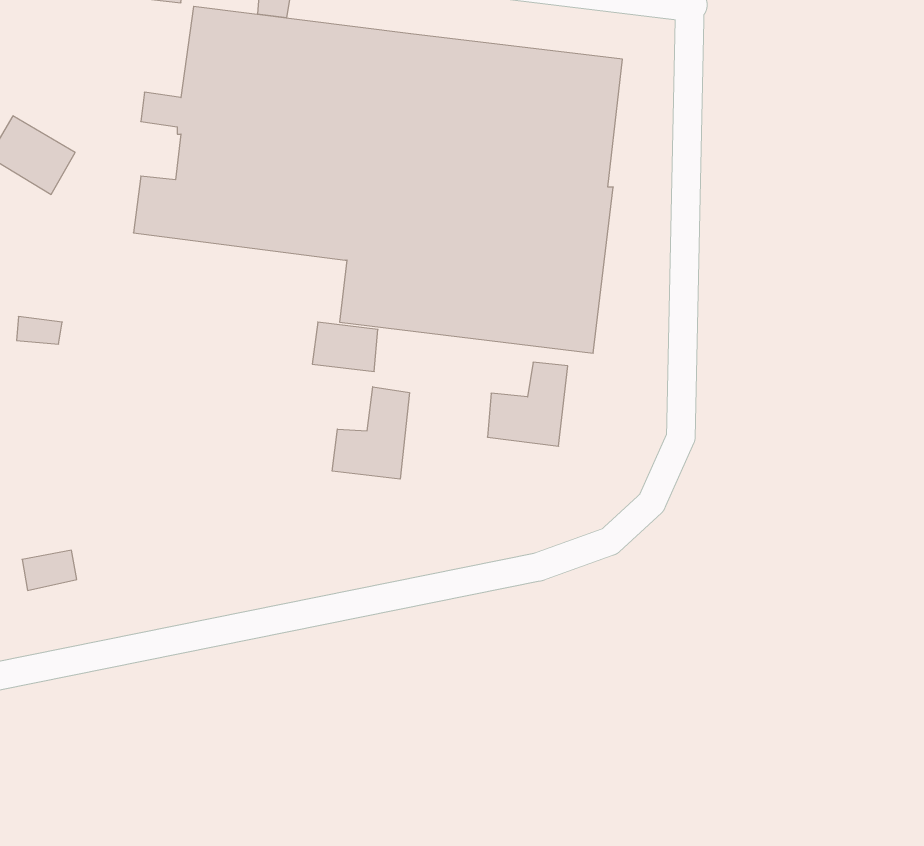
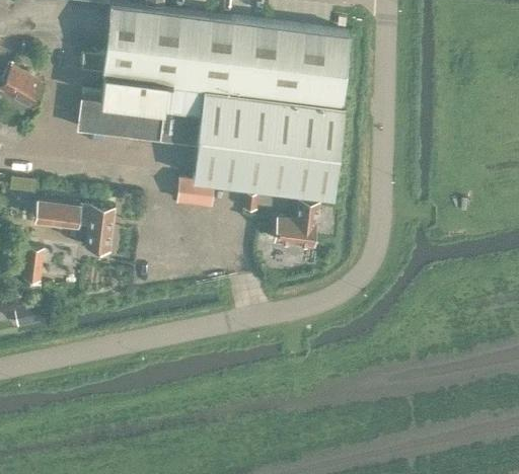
building: none -> [34,201,116,254]
building: [332,387,409,479] -> none
building: none -> [24,250,45,284]

